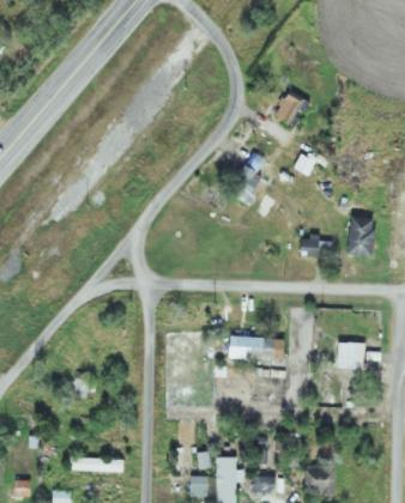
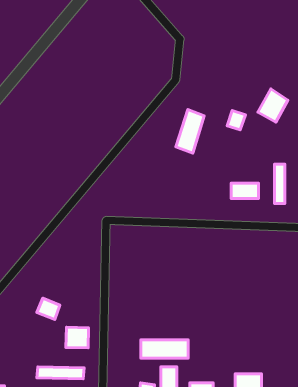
building: [274,89,310,128] -> [258,89,288,122]
building: [228,338,284,359] -> [141,340,188,358]
building: [337,343,361,369] -> none
building: none -> [66,327,89,348]

